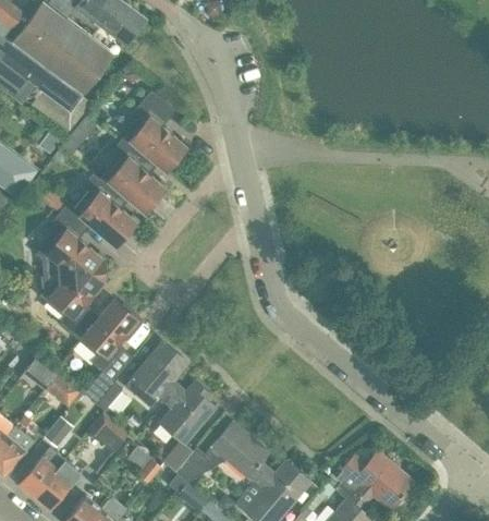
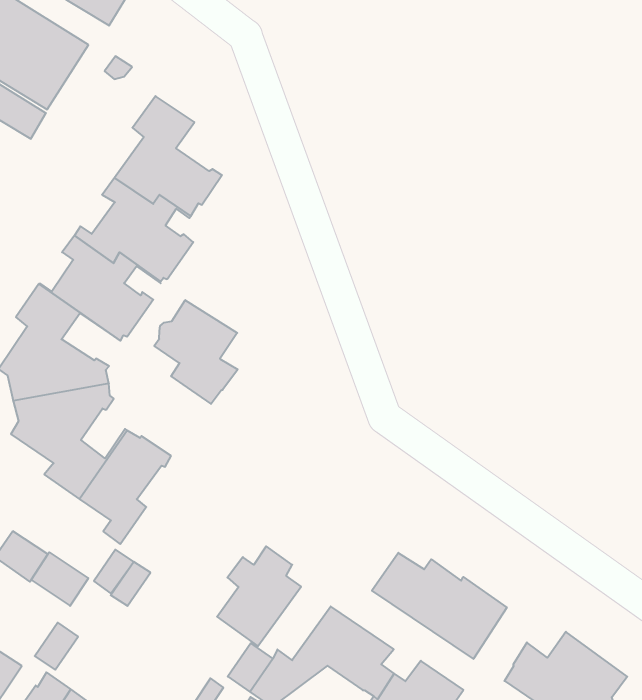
building: none -> [154,300,238,404]
building: [132,343,186,399] -> none
building: none -> [372,553,507,659]
building: [87,413,125,450] -> none

